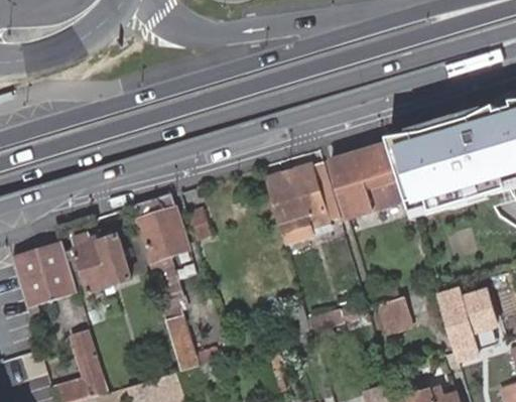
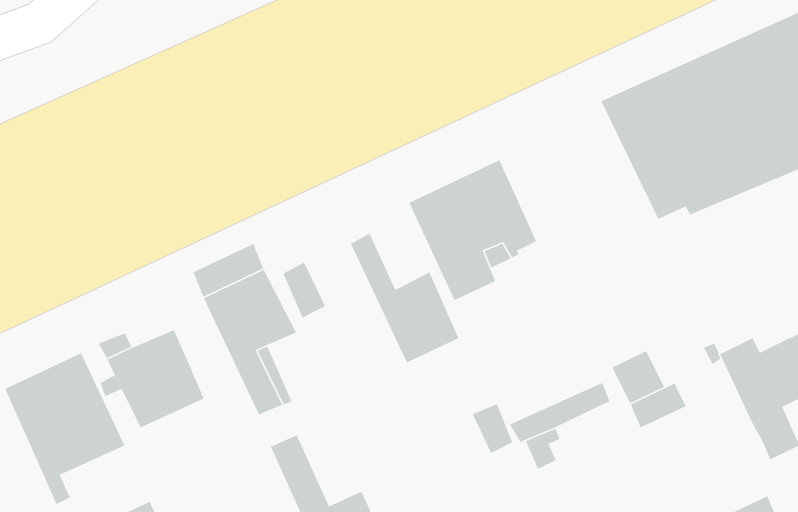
building: [332,143,406,218] -> none
building: none -> [350,233,459,363]

